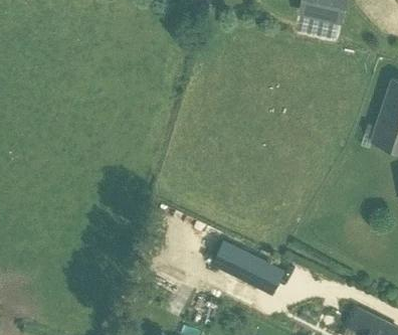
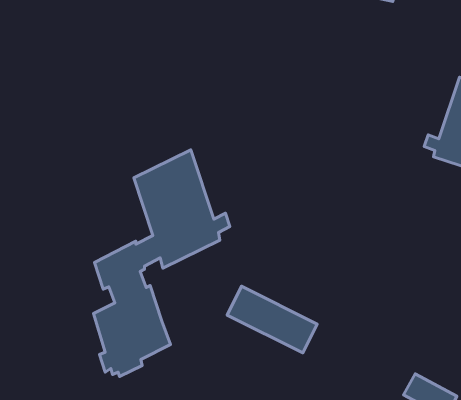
building: none -> [93,150,230,377]

